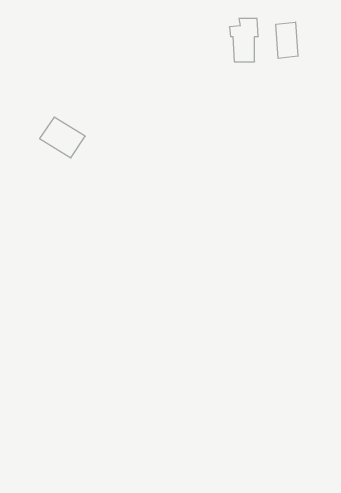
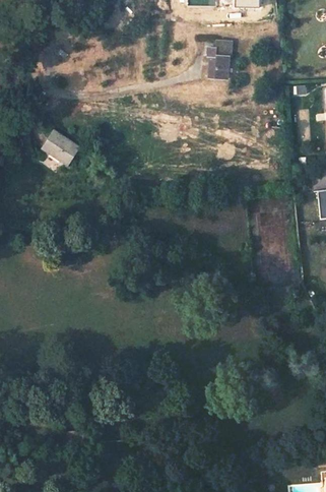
building: [276,22,298,58] -> none

